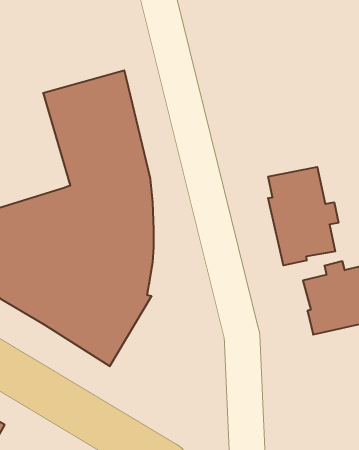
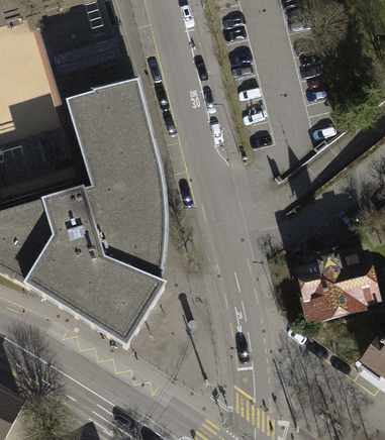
building: [268,167,338,265] -> none

